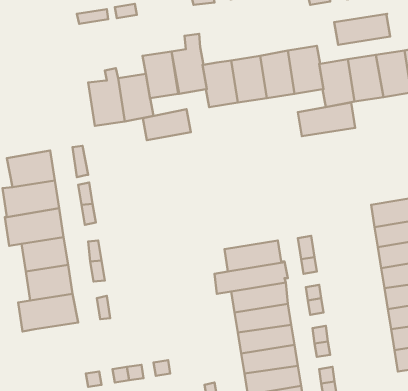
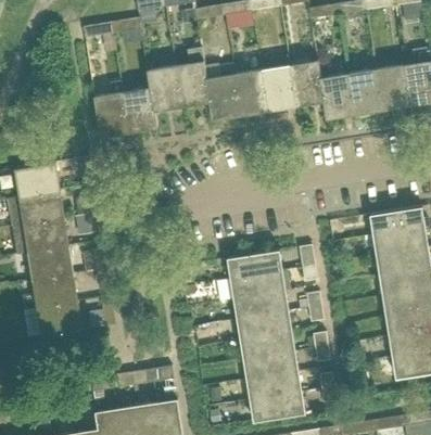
building: [334,14,390,45] -> none
building: [298,102,355,136] -> none
building: [143,109,191,140] -> none

